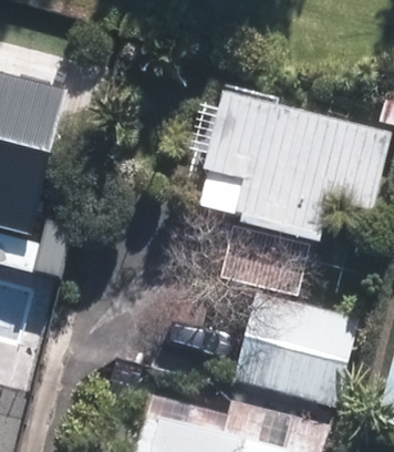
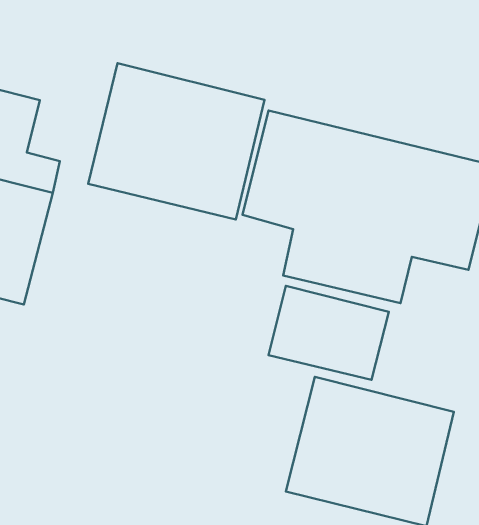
building: none -> [88,63,265,219]

